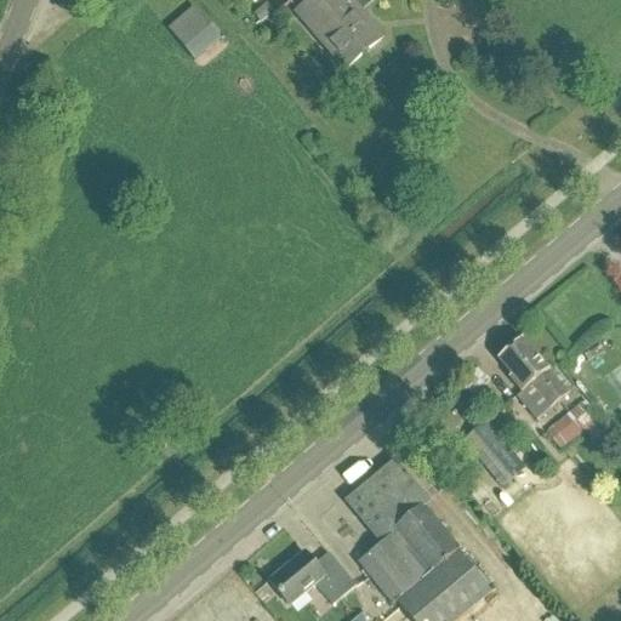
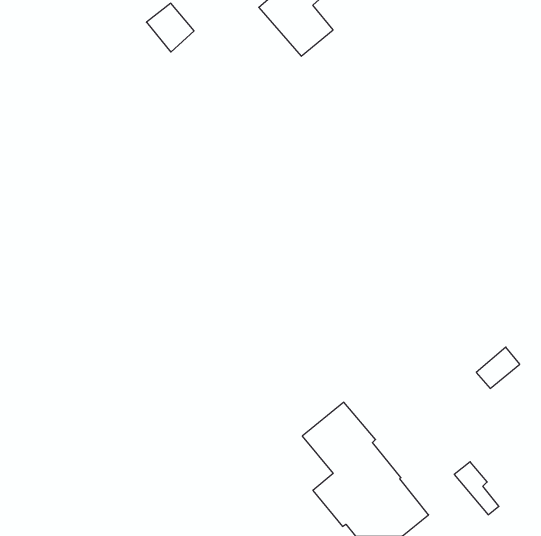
building: [497,336,566,405] -> none
building: [462,423,513,484] -> [454,462,499,515]
building: [268,549,355,603] -> none

